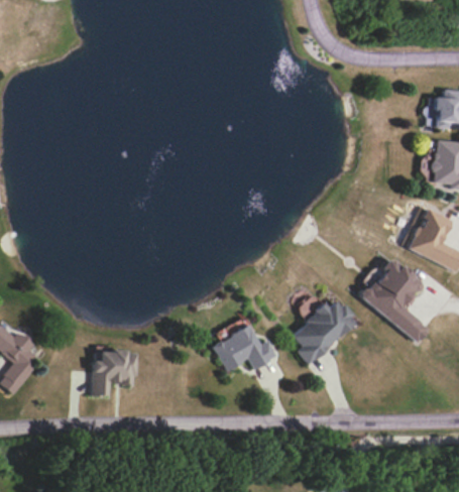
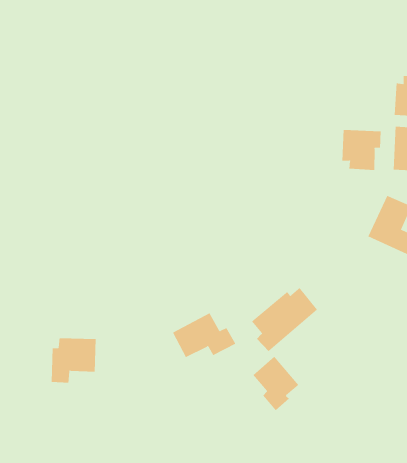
building: none -> [342,129,381,171]
building: [359,257,428,342] -> none
building: none -> [253,356,299,411]

